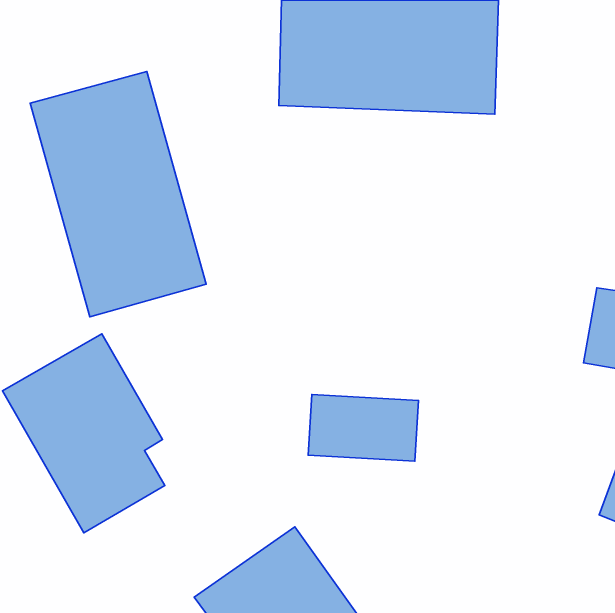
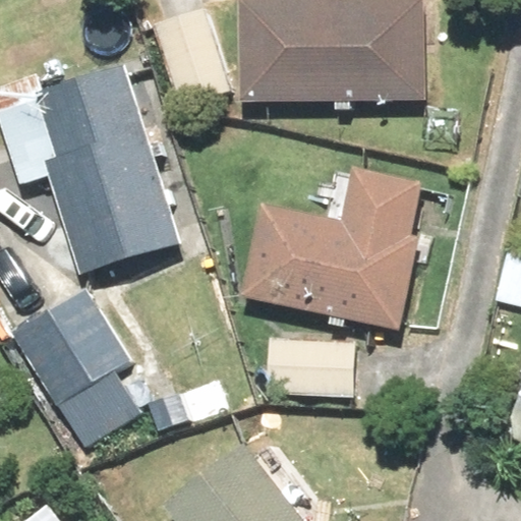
building: none -> [243,167,425,327]

